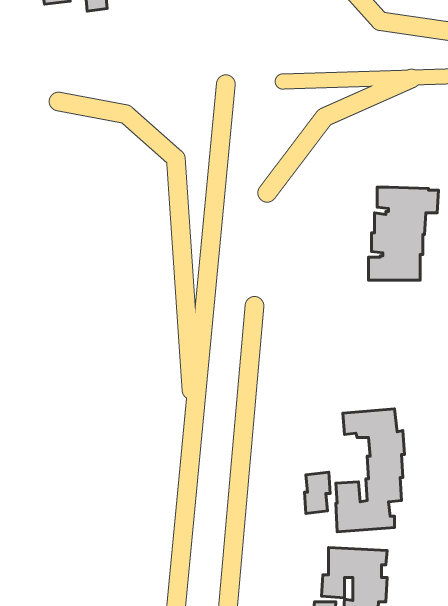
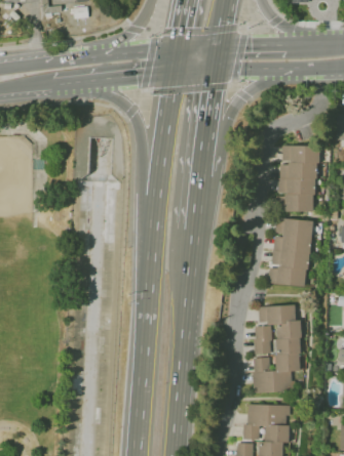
building: none -> [268,217,313,287]
building: [305,472,330,514] -> [254,325,272,355]

